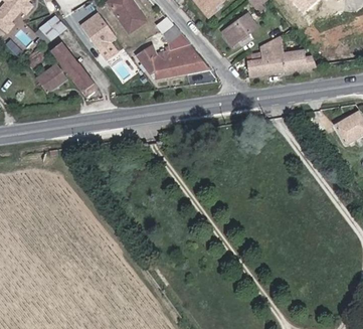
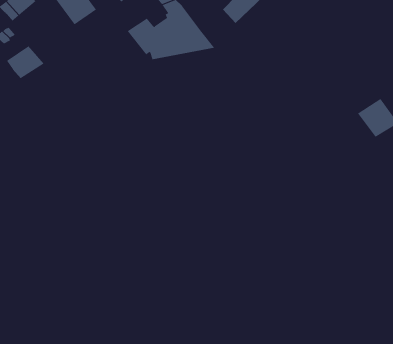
building: [248,40,317,74] -> none
building: [47,41,96,92] -> none

